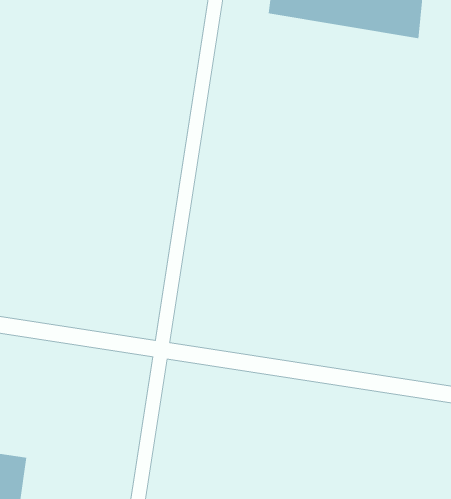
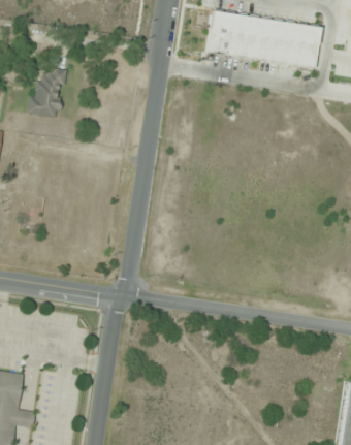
building: none -> [29,67,67,119]

